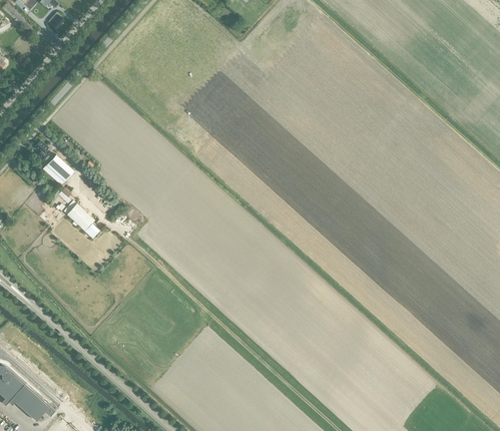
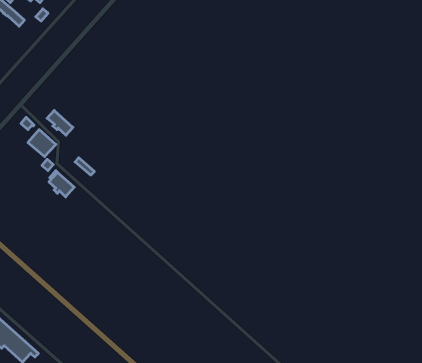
building: none -> [47,110,73,135]

